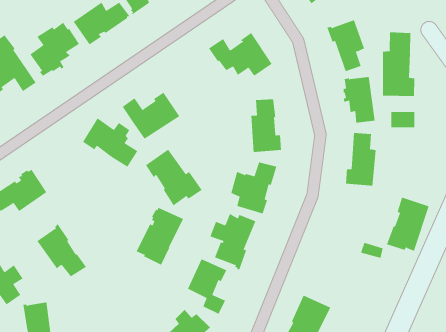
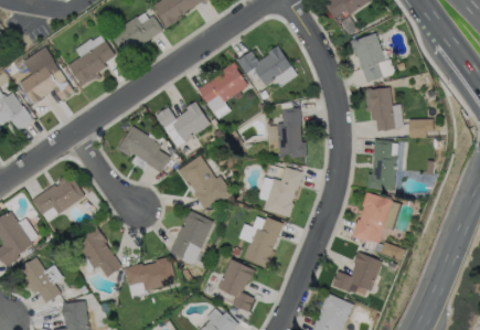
building: [382,32,415,97] -> none
building: none -> [198,61,247,118]
building: [386,197,430,252] -> [351,191,392,243]
building: none -> [332,252,382,290]
building: none -> [125,256,177,297]

